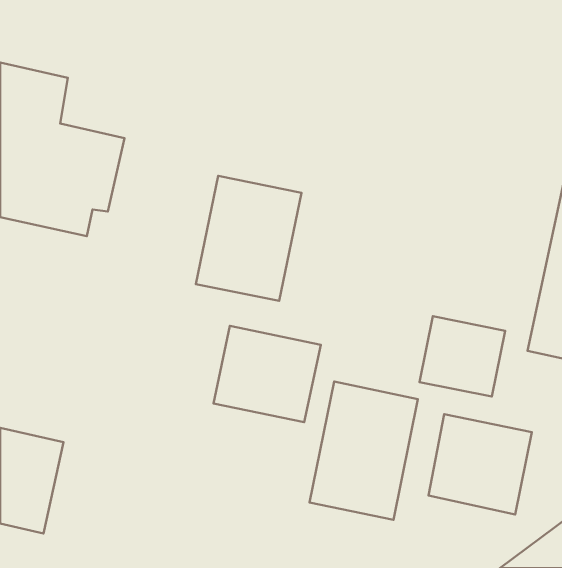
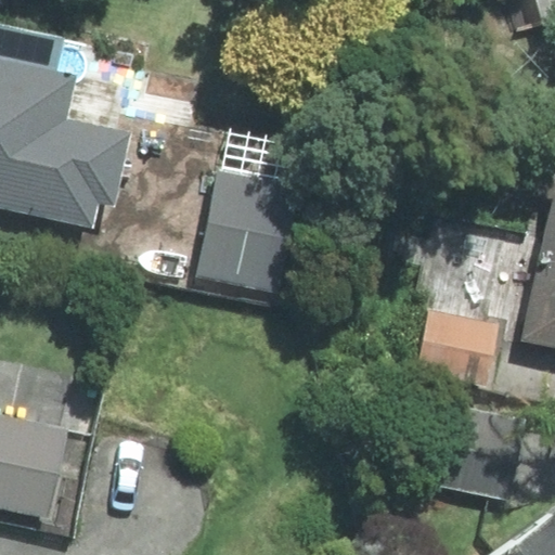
building: [213,326,321,422] -> none
building: [310,382,418,520] -> none

